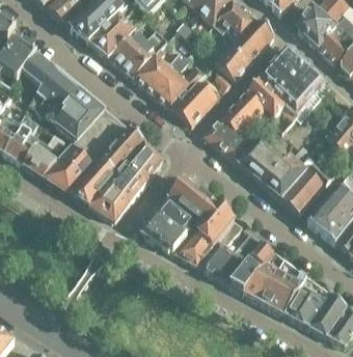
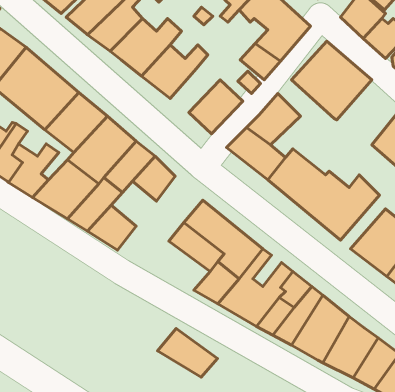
building: [157,63,205,107] -> none
building: [246,79,293,115] -> none
building: [108,163,145,200] -> none
building: [140,213,190,253] -> [157,328,218,377]

